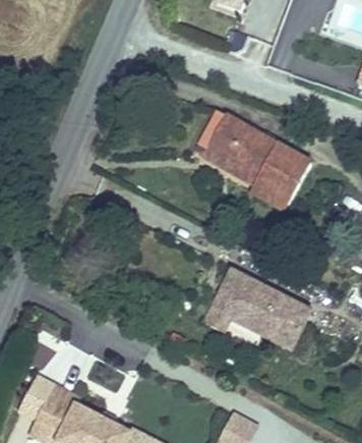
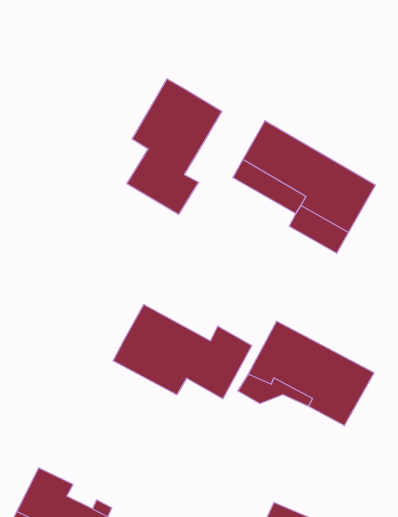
building: none -> [127,79,222,214]
building: none -> [113,304,252,399]

